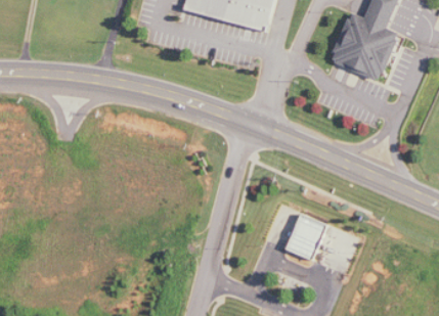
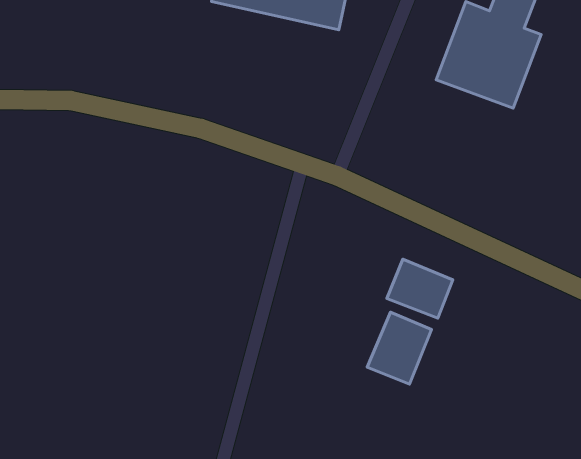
building: none -> [387,259,453,318]

